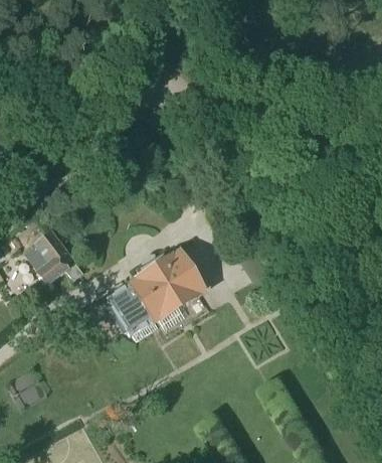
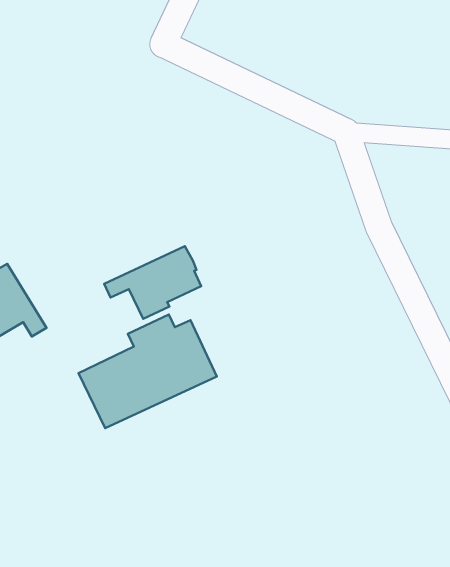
building: none -> [104,246,201,319]

